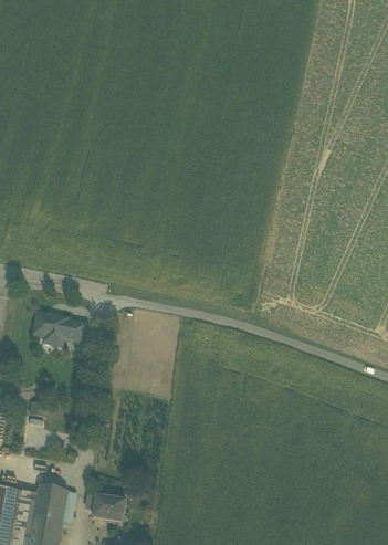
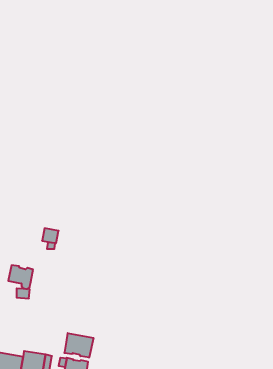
building: [32,312,65,344] -> [8,265,33,289]
building: none -> [64,333,93,358]

